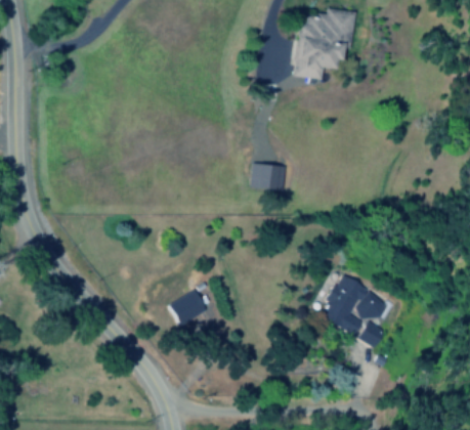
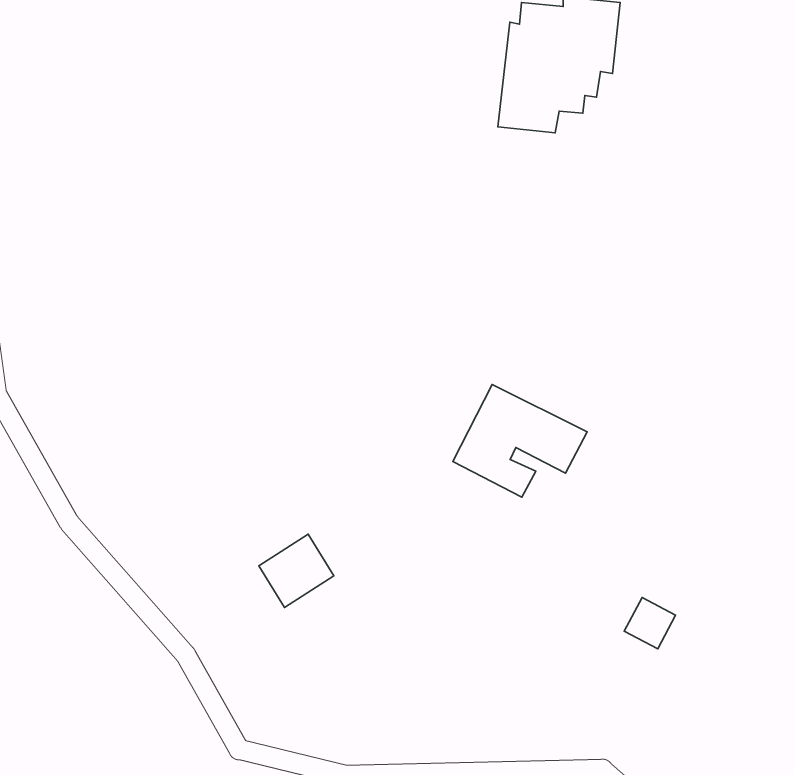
building: [250,162,286,189] -> none
building: [318,275,388,334] -> [453,384,587,497]

